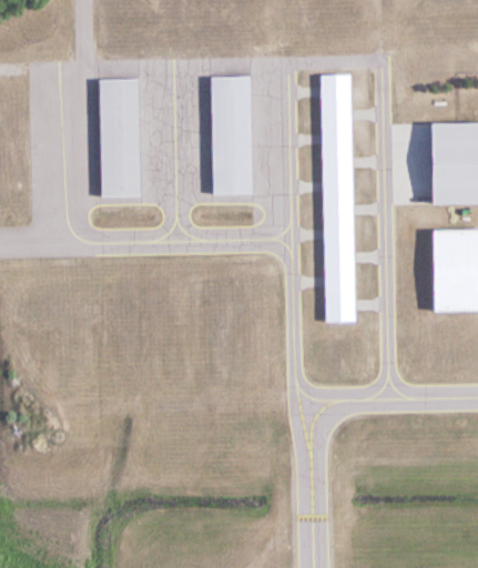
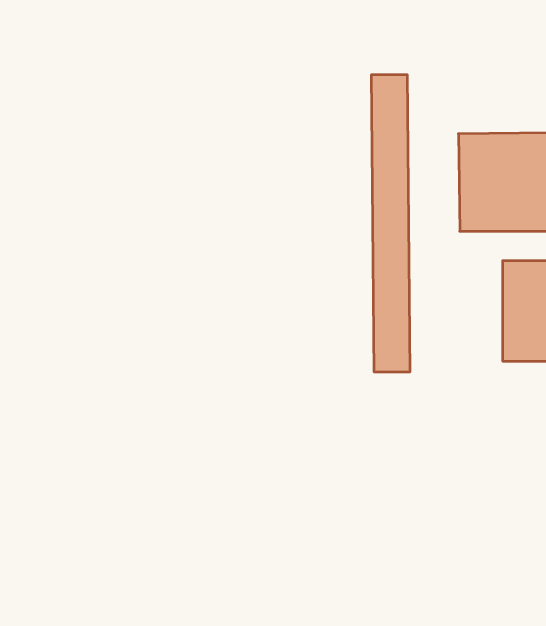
building: [211,77,253,194] -> none
building: [100,79,140,196] -> none

